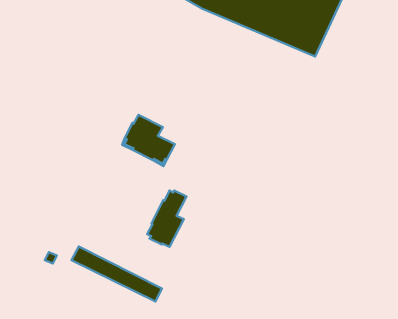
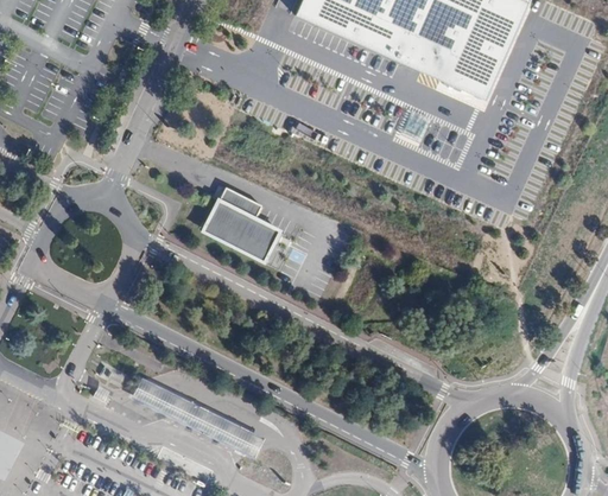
building: [147,190,187,247] -> none

